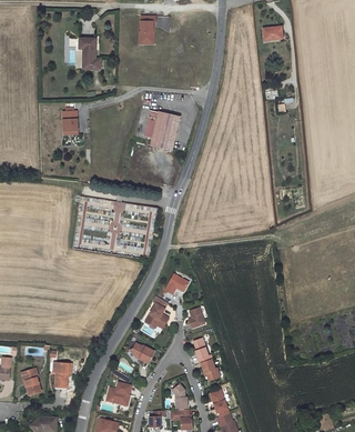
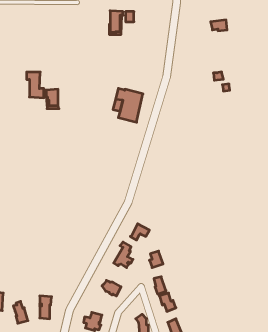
building: [79,39,100,70] -> [27,72,44,98]

